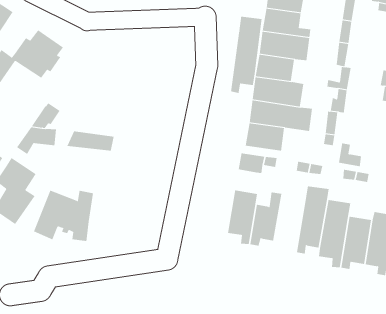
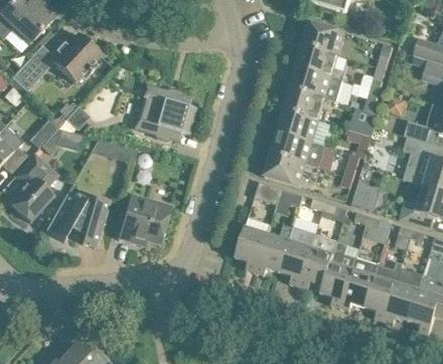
building: [230,16,262,94] -> none
building: none -> [134,86,196,141]
building: none -> [117,194,169,245]
building: none -> [278,226,315,287]

